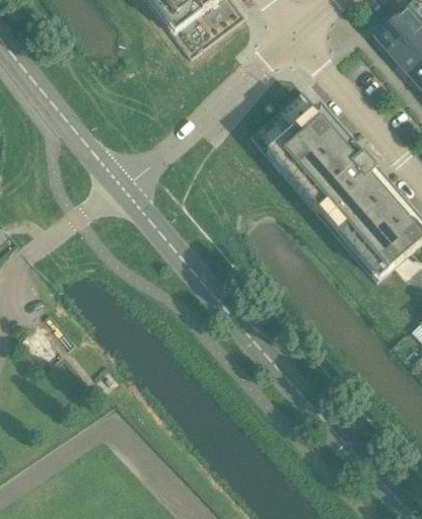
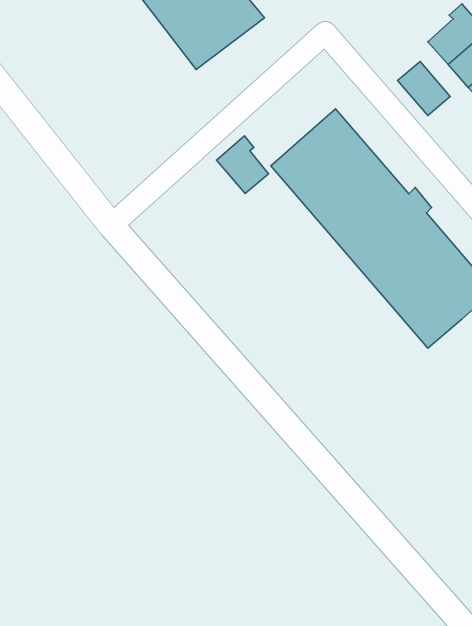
building: none -> [398,62,450,115]
building: none -> [216,136,269,194]

